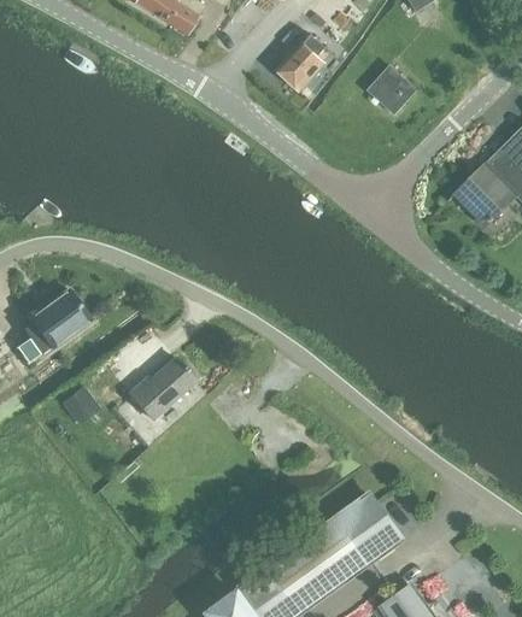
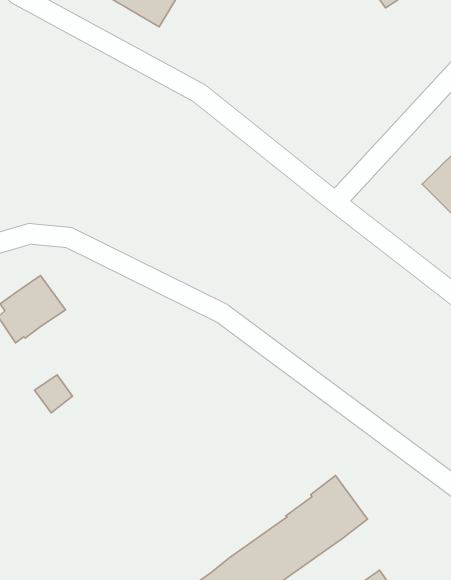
building: [276,36,325,92] -> none
building: [369,67,416,114] -> none
building: [127,357,197,422] -> none

